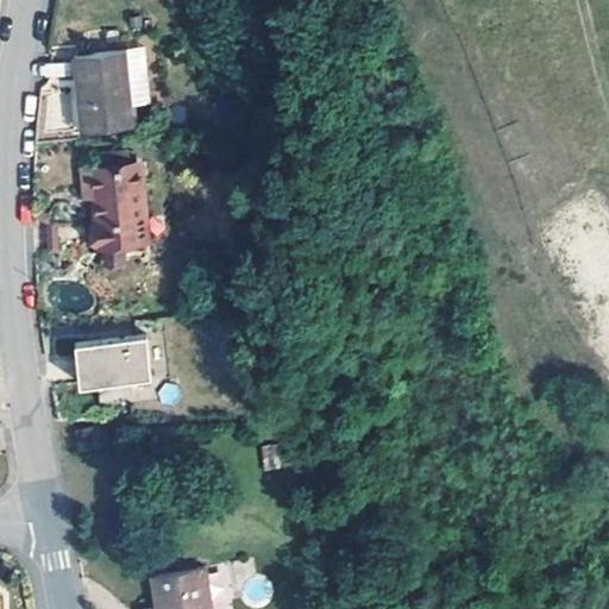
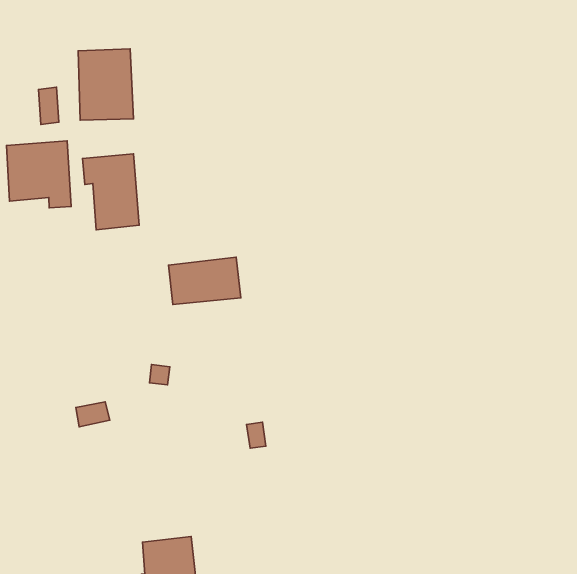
building: none -> [6,141,71,208]
building: [71,339,147,389] -> [168,257,241,305]

